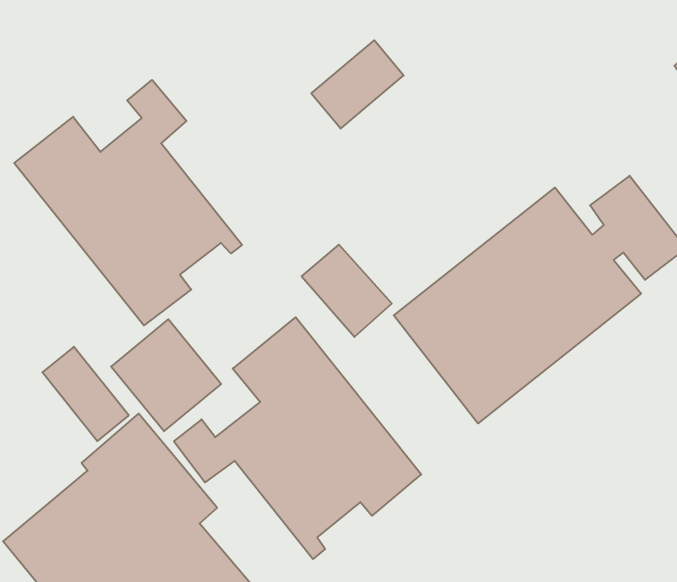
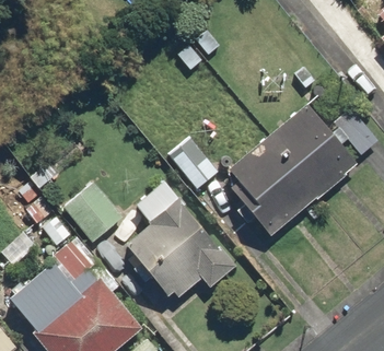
building: [14,80,242,325] -> none

